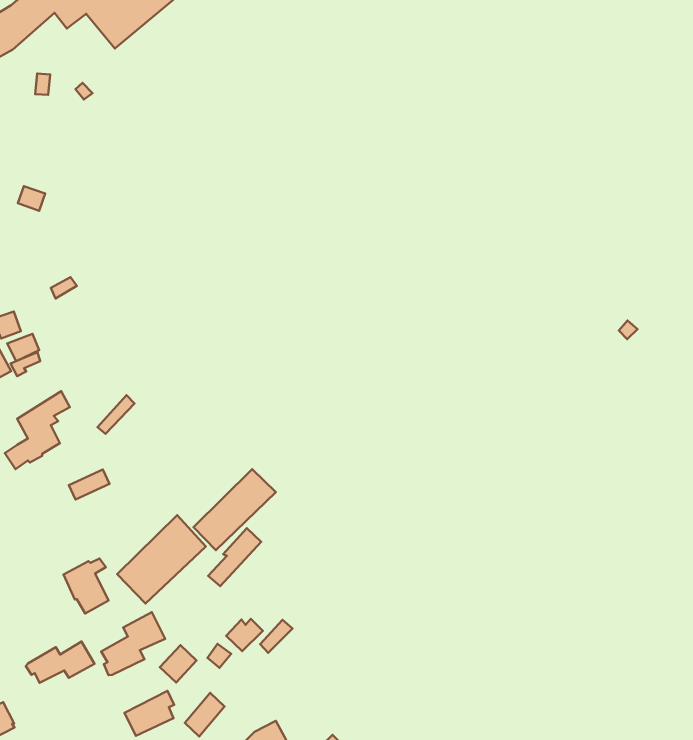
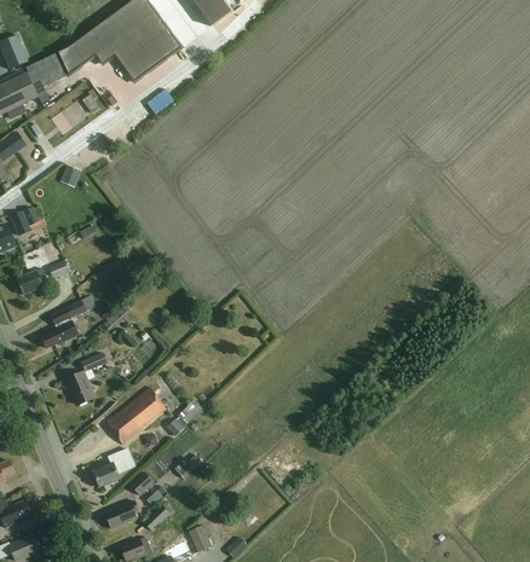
building: [194,469,276,550] -> none
building: [64,558,108,613] -> [67,369,94,404]
building: [26,641,95,683] -> none

